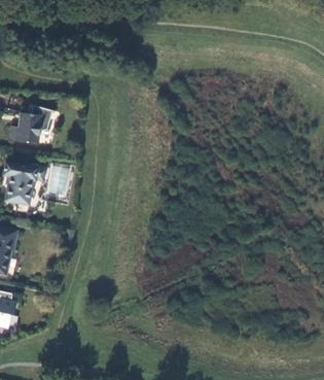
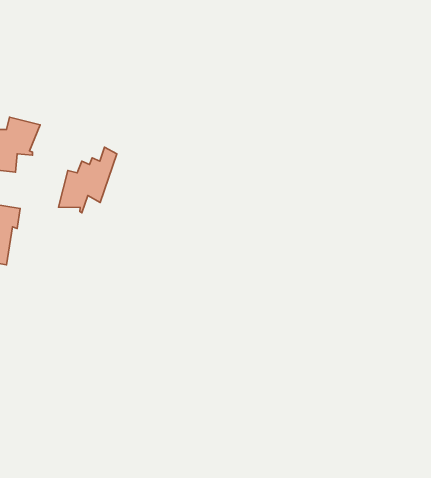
building: none -> [59,147,117,213]

